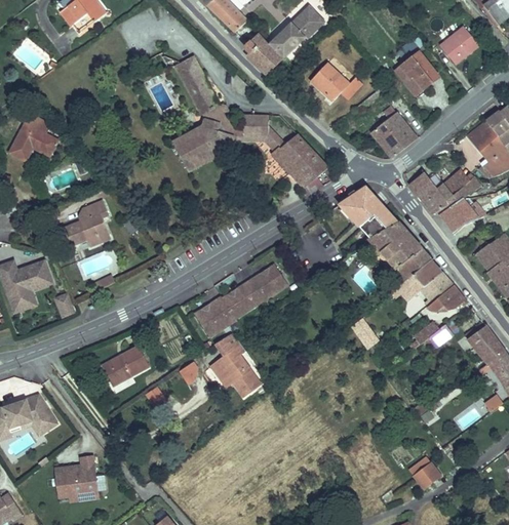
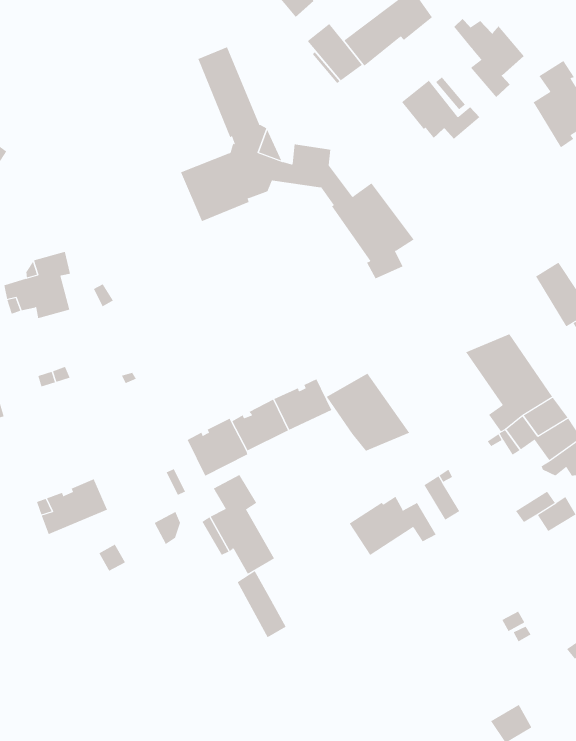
building: none -> [454,18,525,98]
building: [371,105,417,157] -> none
building: [340,186,397,237] -> [326,373,410,452]
building: none -> [349,496,437,556]
building: none -> [237,570,287,638]

